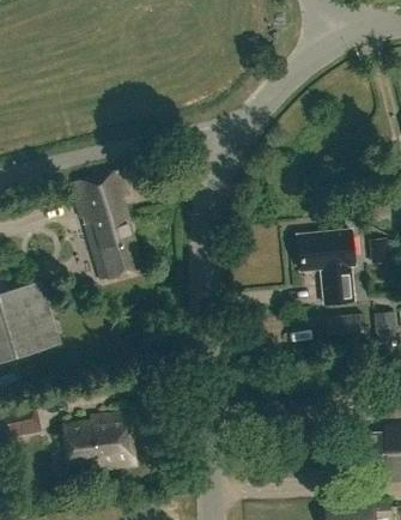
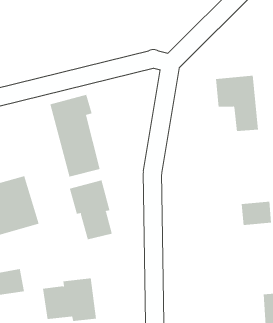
building: [296,230,353,304] -> [215,75,259,132]
building: none -> [69,180,112,240]

